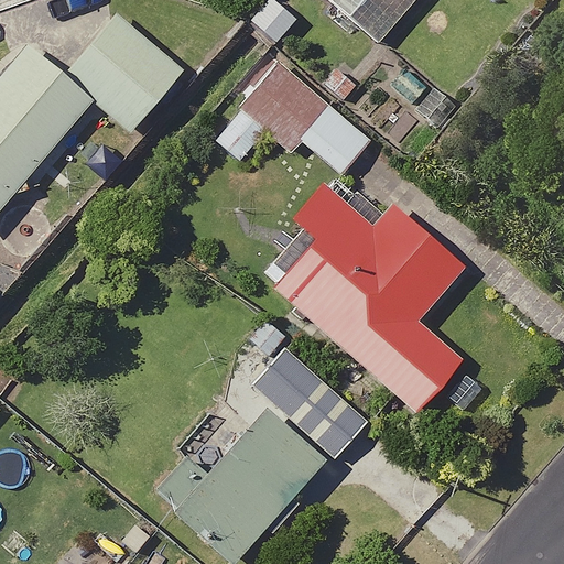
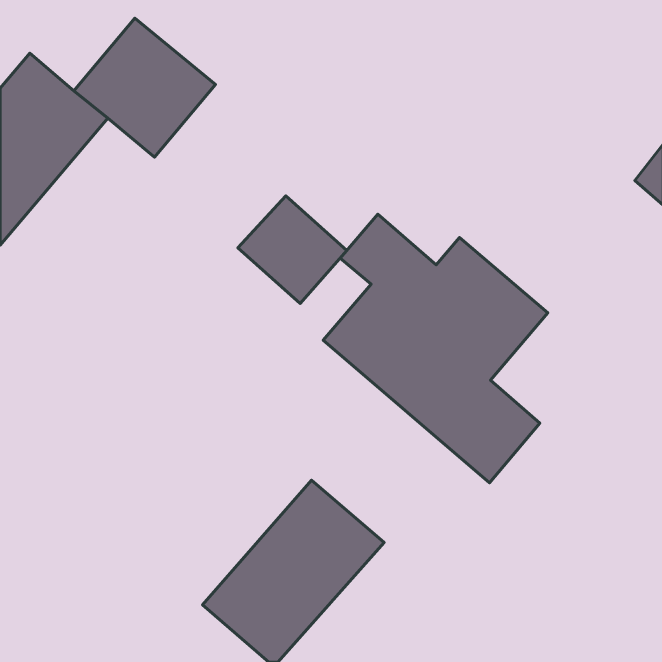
building: [238,63,330,154] -> [238,196,347,304]
building: [252,348,368,459] -> none

